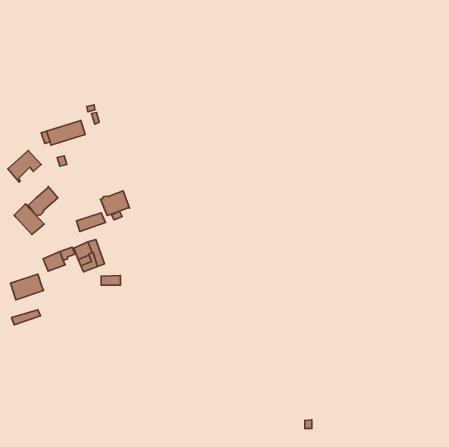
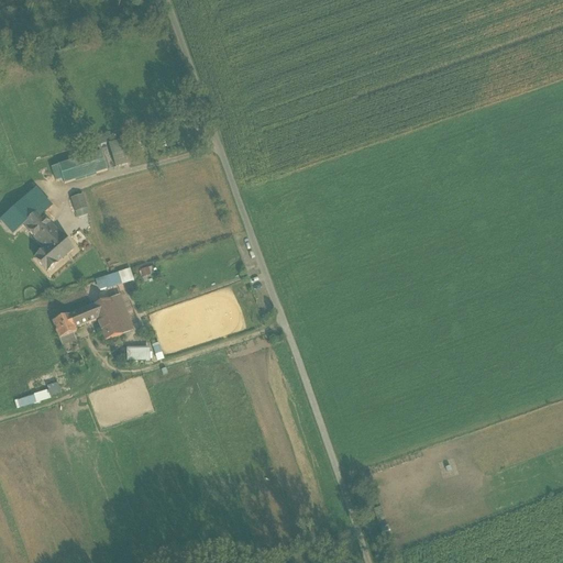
building: [101,191,129,216] -> none
building: [14,204,44,235] -> [23,209,60,247]
building: [11,274,43,300] -> none

